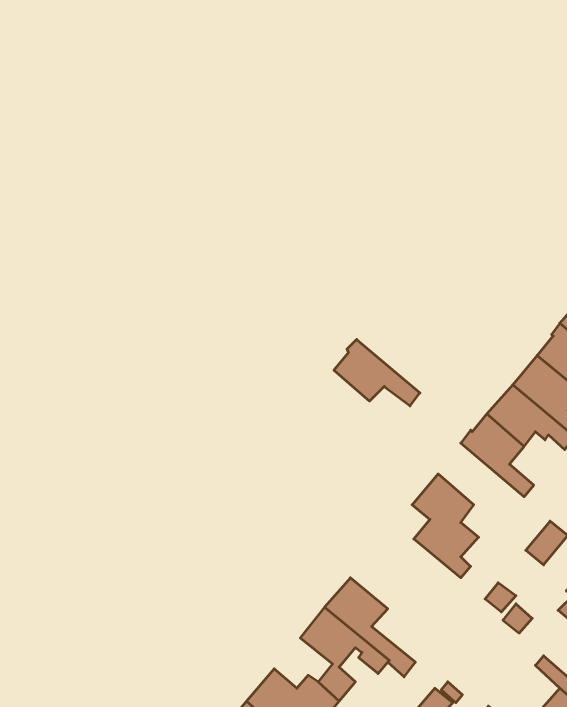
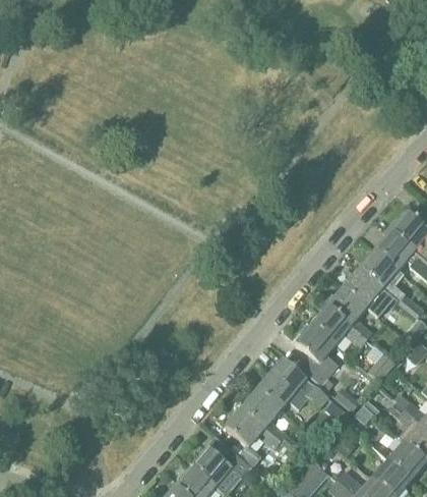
building: [334,339,420,406] -> [312,305,366,346]
building: none -> [257,360,328,408]

